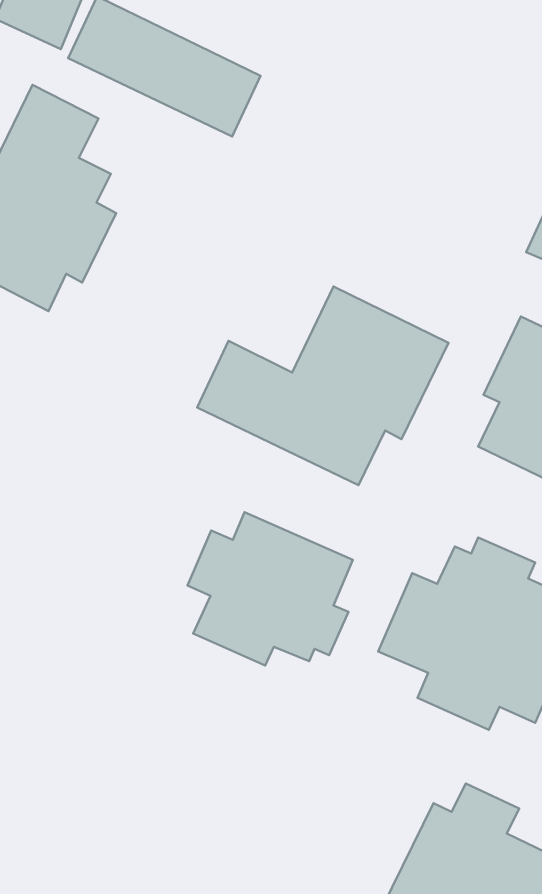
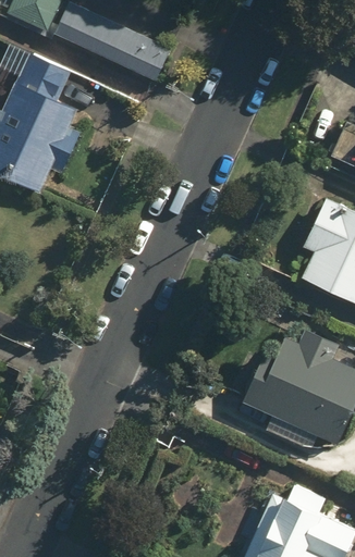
building: [197,286,448,485] -> none
building: [188,512,353,666] -> none

